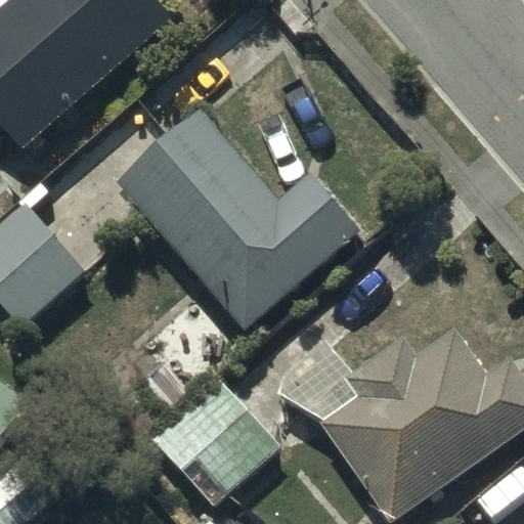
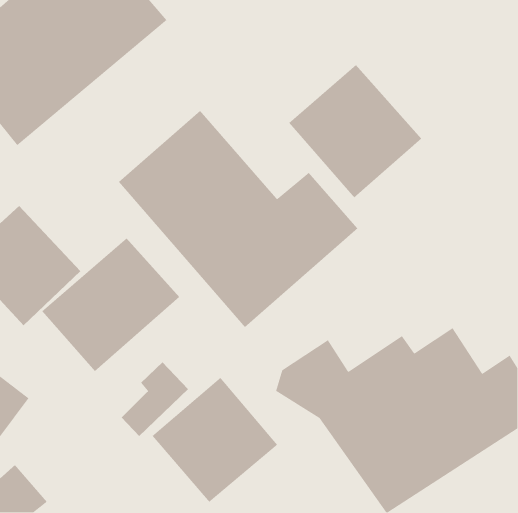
building: none -> [288,64,422,198]
building: none -> [41,237,180,372]

